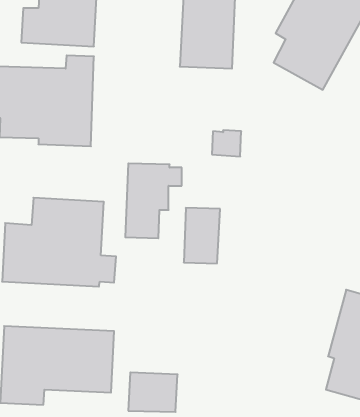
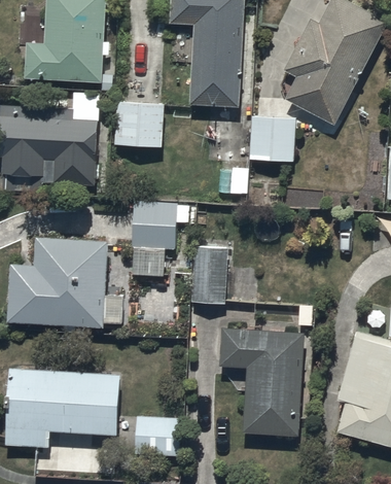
building: none -> [113,102,164,147]
building: none -> [249,115,295,162]
building: none -> [219,329,305,436]

